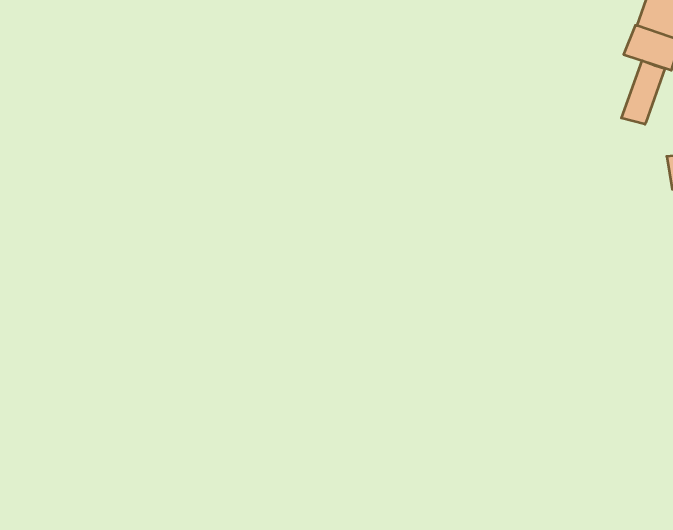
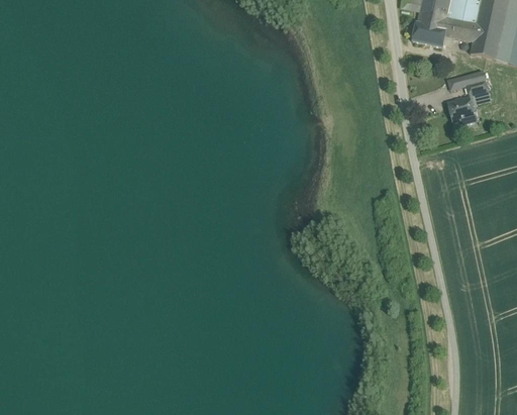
building: [621,61,665,124] -> none

